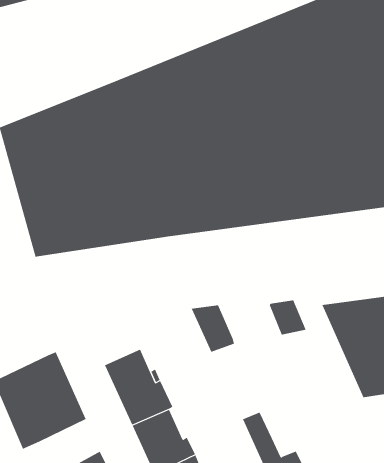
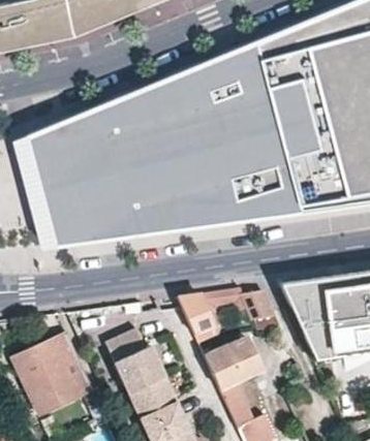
building: none -> [203,332,258,383]

